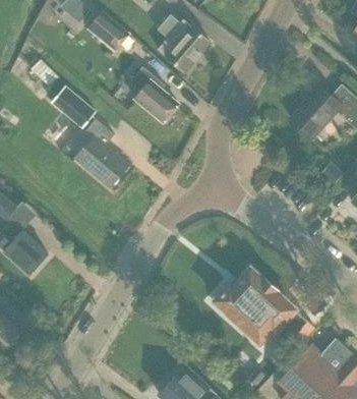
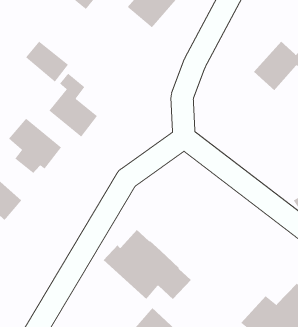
building: [129,66,178,122] -> none
building: none -> [8,118,62,174]
building: [215,268,308,342] -> [103,229,192,300]

